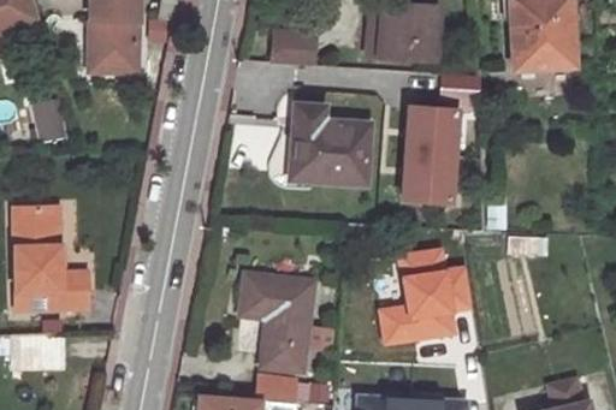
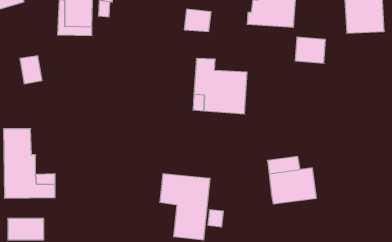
building: [401,111,458,206] -> none
building: [381,305,456,344] -> none

